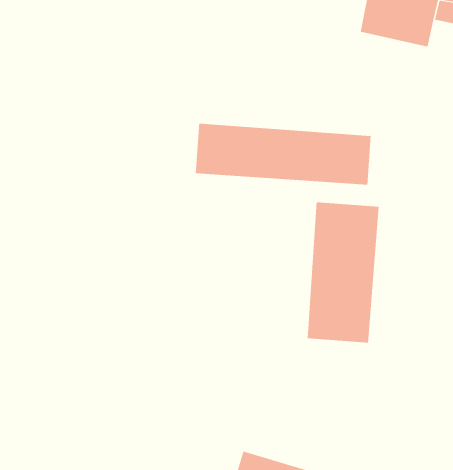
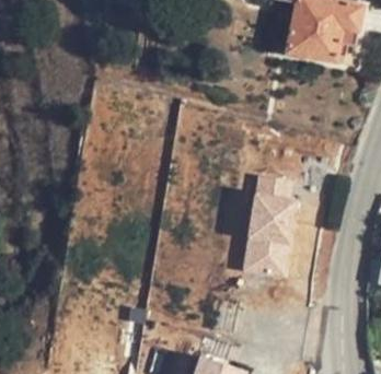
building: [195,123,371,186] -> none

